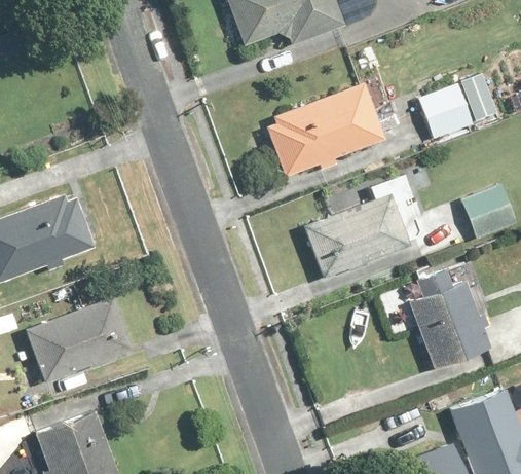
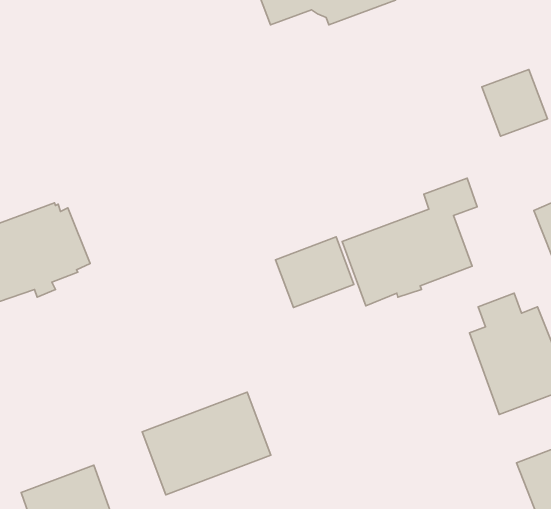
building: [266,82,384,177] -> none
building: none -> [276,237,354,307]
building: [26,297,133,382] -> [142,392,271,495]

